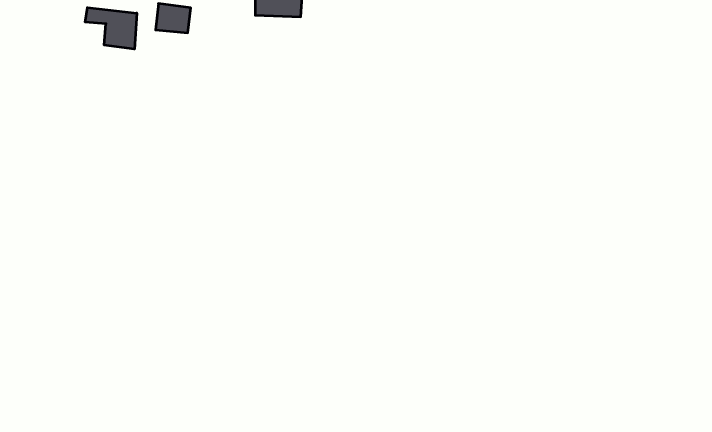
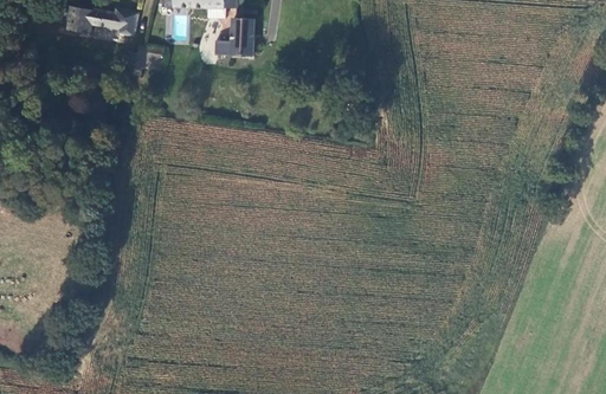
building: [85,8,137,49] -> none

